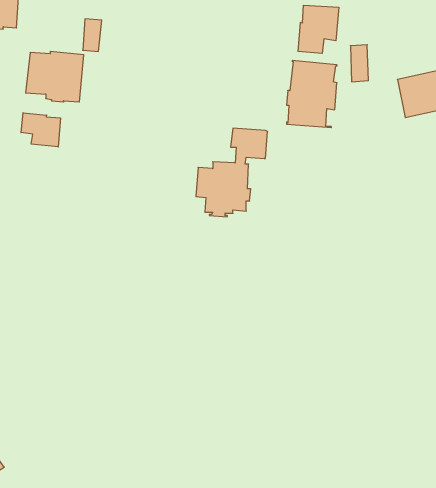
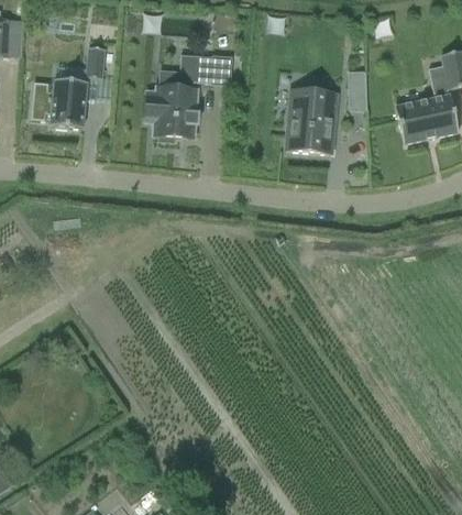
building: [298,5,339,53] -> none
building: [21,113,60,147] -> none
building: [196,128,268,217] -> [145,53,216,140]

